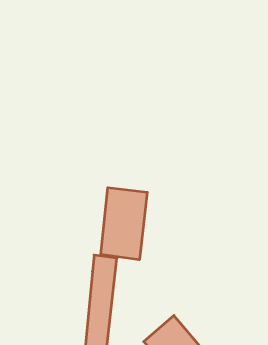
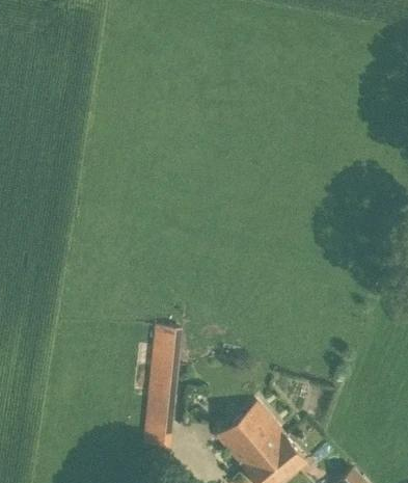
building: [101,188,147,260] -> none

